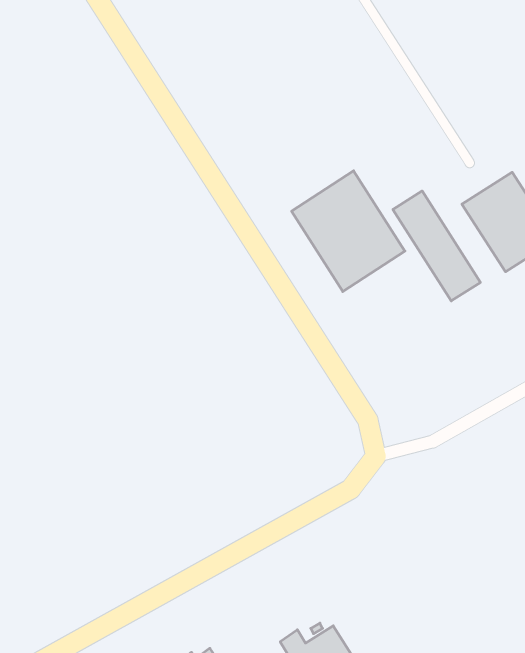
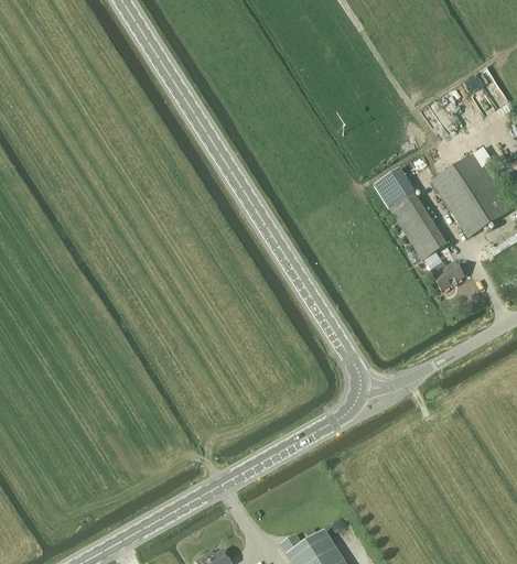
building: [292,171,405,292] -> none
building: none -> [432,262,465,291]

